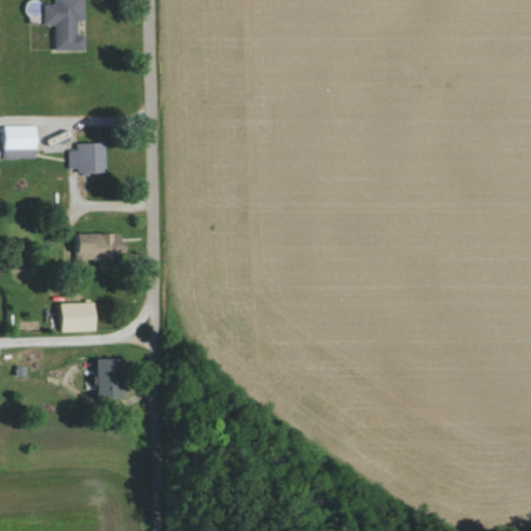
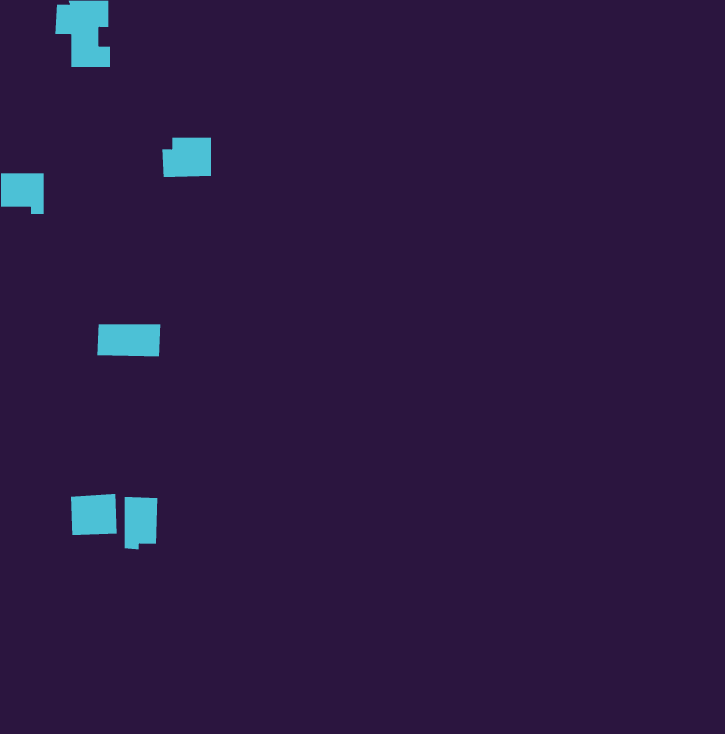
building: [71,143,107,172] -> [161,137,212,178]
building: [58,303,92,333] -> [70,494,118,535]

